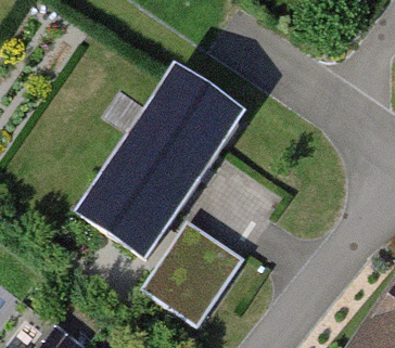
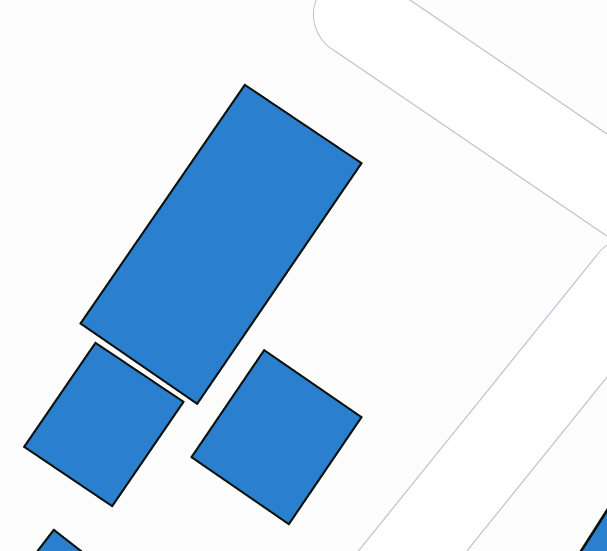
building: none -> [24,343,184,506]

